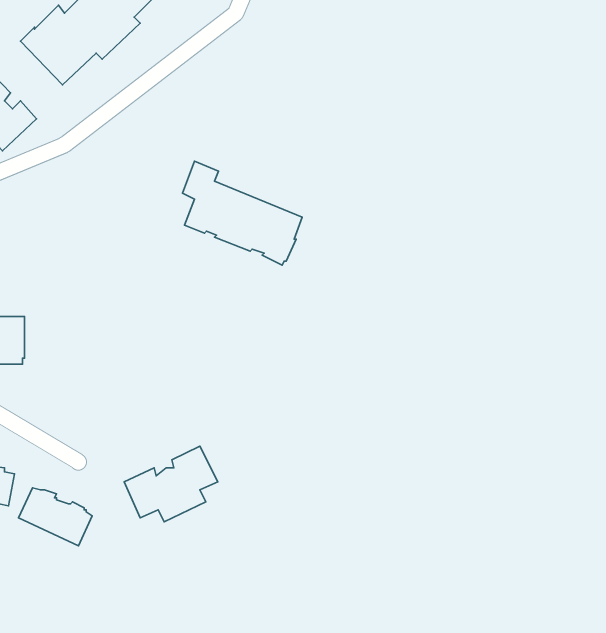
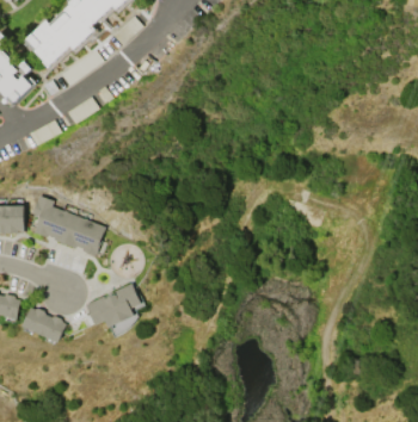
building: [183,161,302,265] -> [33,194,105,256]

